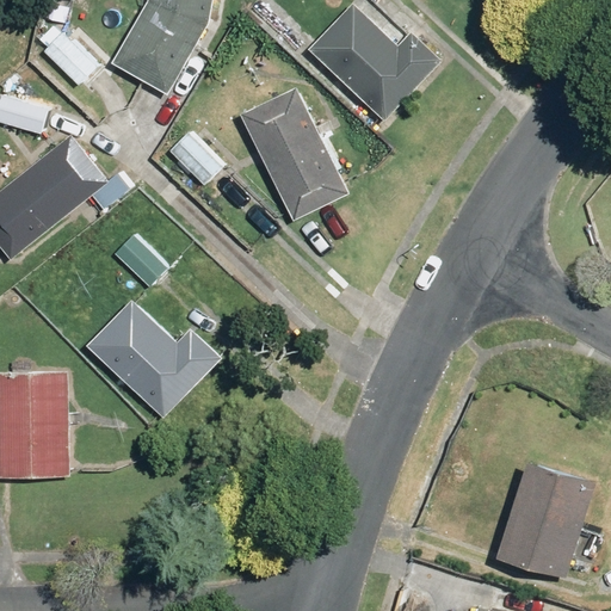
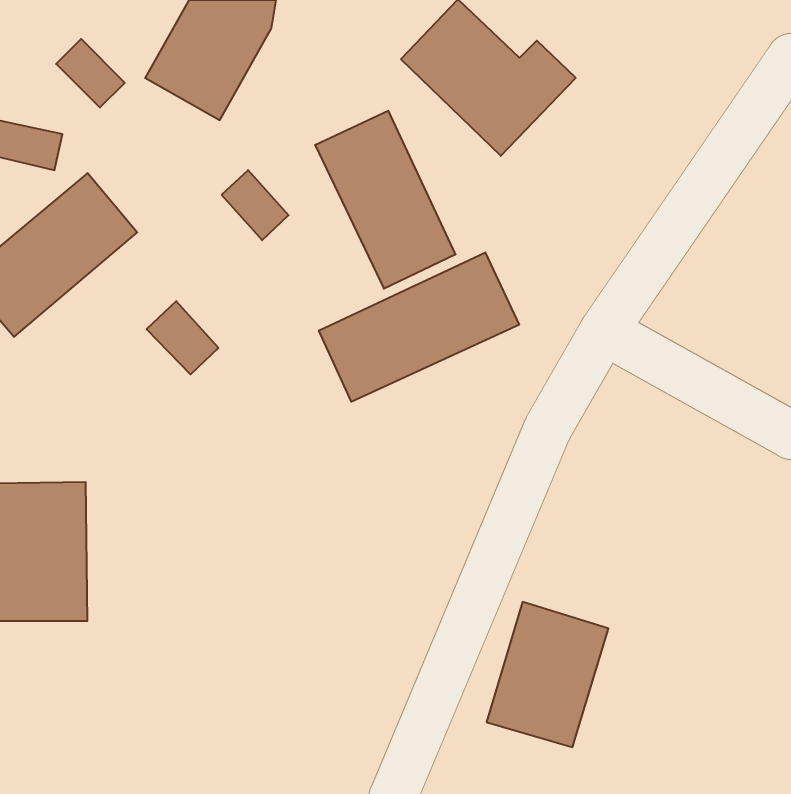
building: none -> [319,252,519,402]
building: [85,297,221,420] -> none
building: [499,464,592,575] -> [487,602,608,747]

